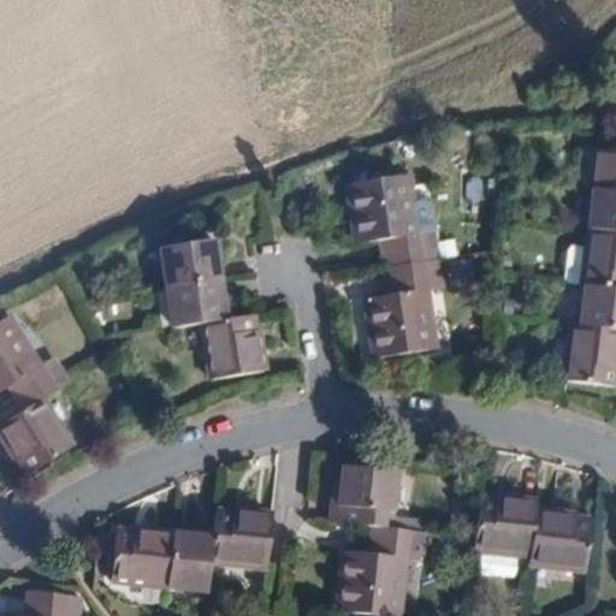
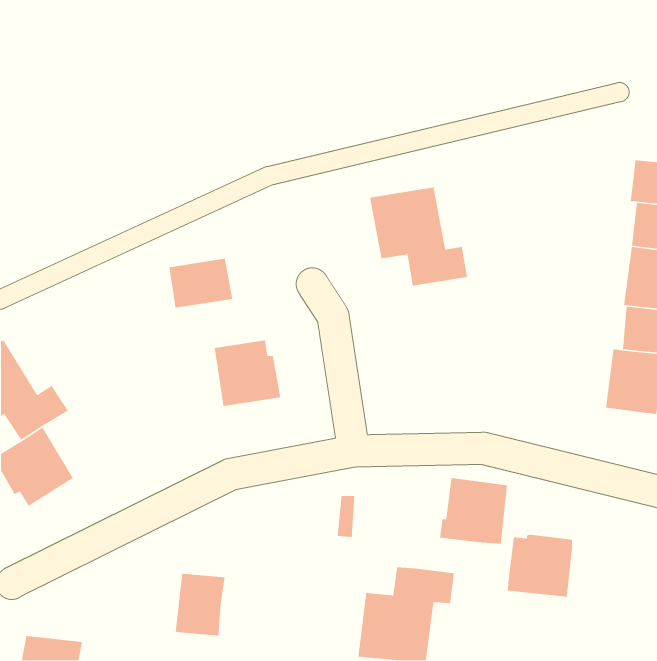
building: [367,257,444,357] -> none
building: [167,278,227,326] -> none
building: [333,464,397,527] -> [439,477,508,545]
building: [211,509,273,568] -> none
building: [531,509,592,571] -> none
building: [111,528,173,587] -> none

